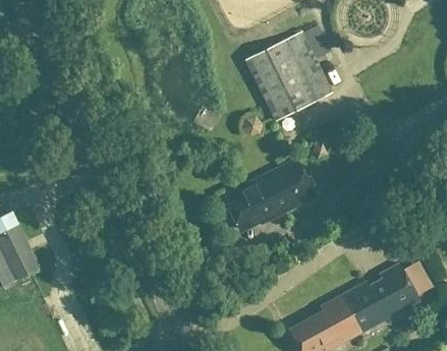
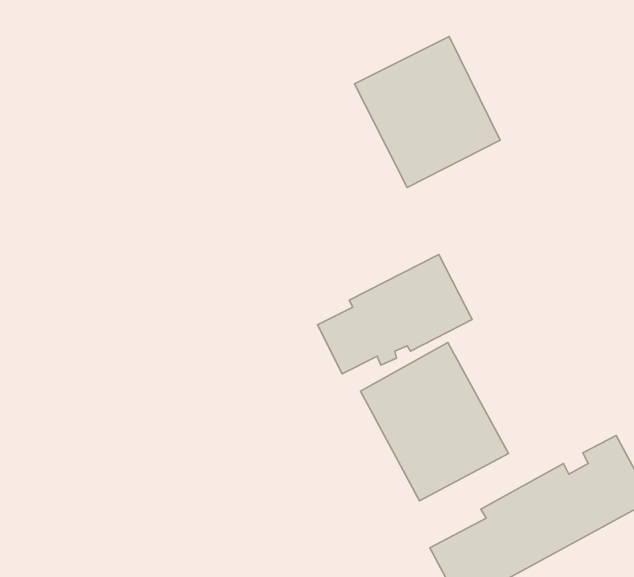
building: none -> [360,342,508,501]

